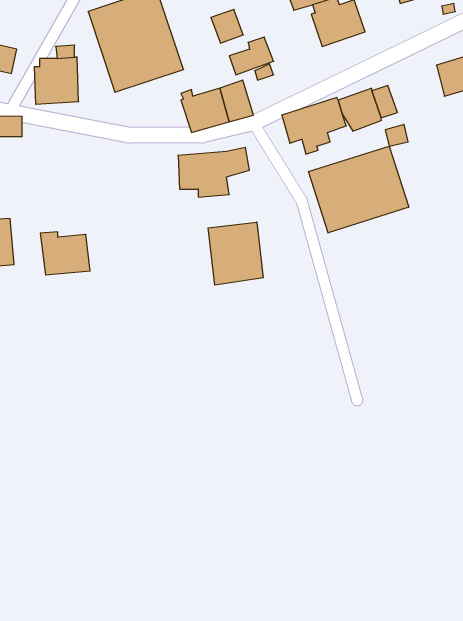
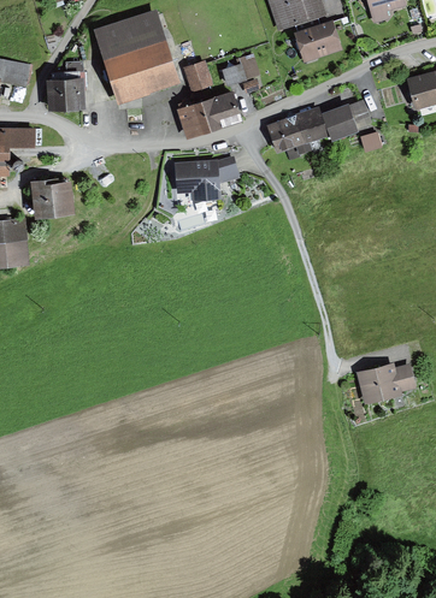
building: [211,9,243,43] -> [183,63,212,93]
building: [309,146,409,233] -> none
building: [208,222,263,285] -> none
building: [40,232,90,275] -> [29,174,73,213]
building: none -> [354,361,416,404]

